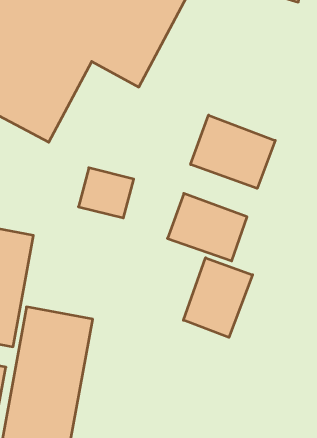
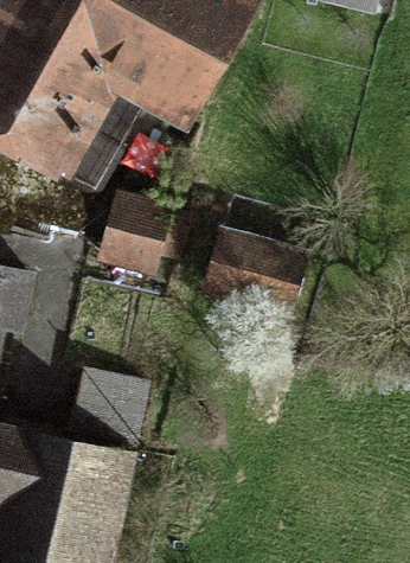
building: [191,115,275,188] -> none
building: [183,258,253,337] -> none

